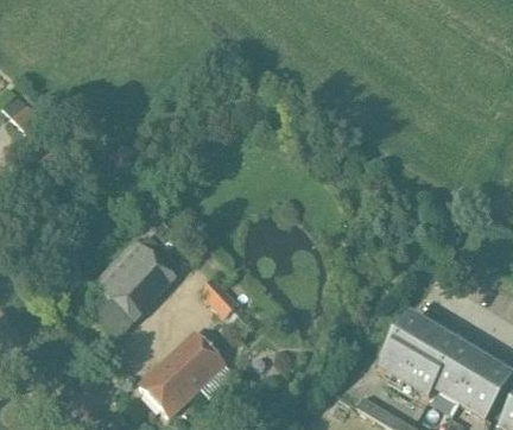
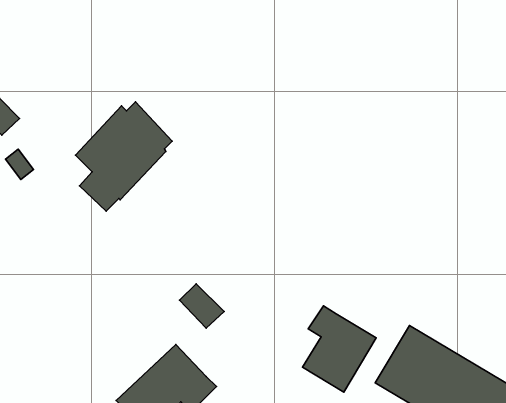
building: [91,232,182,334] -> [76,102,172,211]
building: none -> [302,306,376,392]

